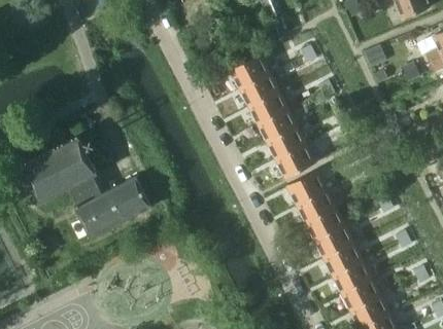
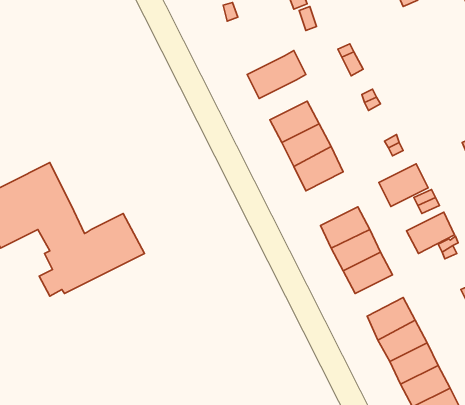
building: [241,73,278,104] -> none
building: [277,144,315,177] -> [379,164,428,206]
building: [315,223,352,255] -> [407,212,455,253]

